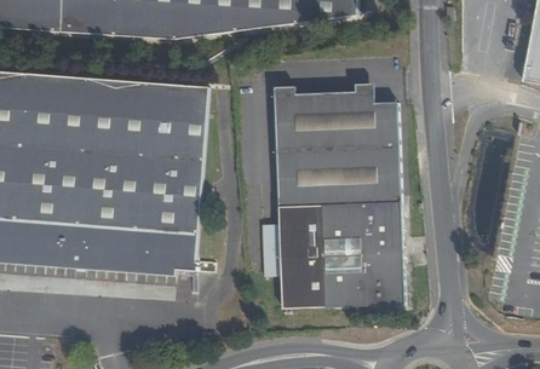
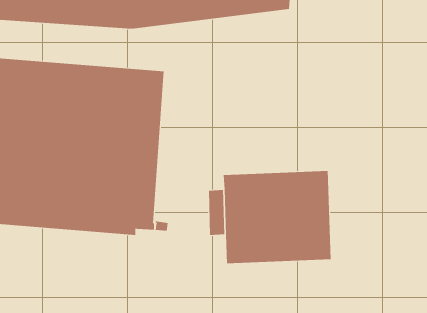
building: [274,82,400,206] -> none

